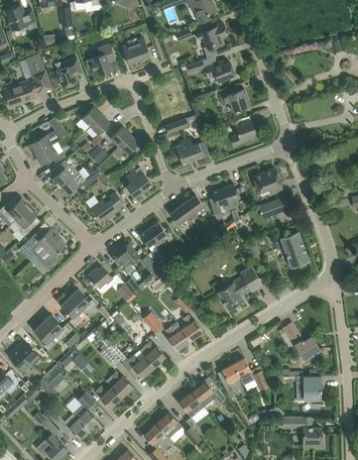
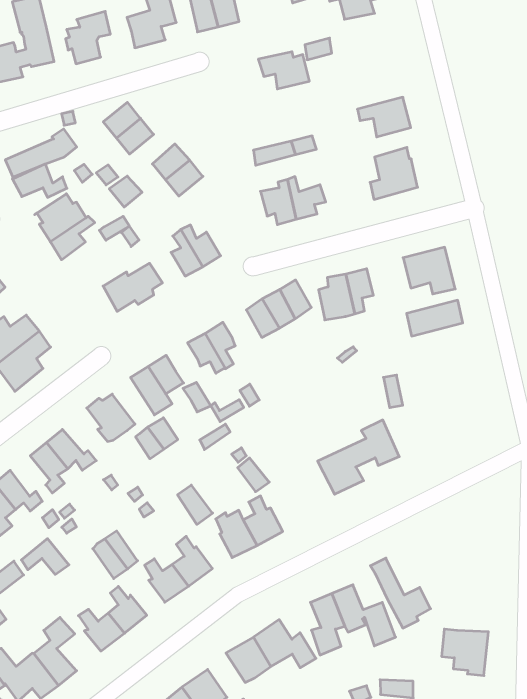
building: [205,62,234,83] -> [258,52,309,89]
building: [279,232,309,269] -> none
building: [282,323,318,360] -> [370,558,431,628]

